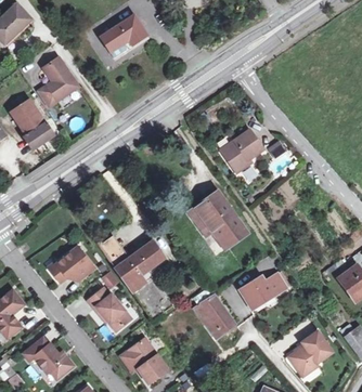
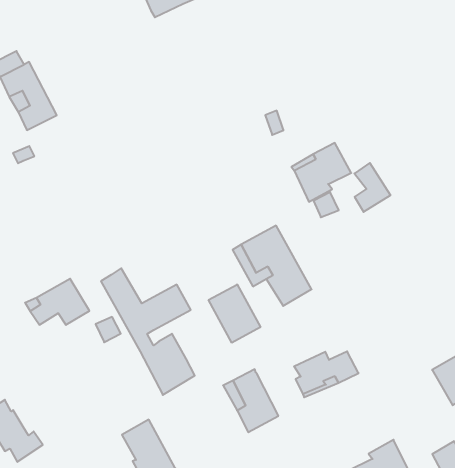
building: [39,57,79,106] -> none
building: none -> [209,284,260,343]
building: [87,287,130,330] -> none

